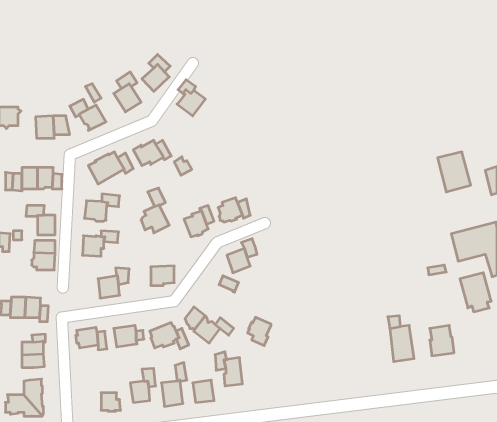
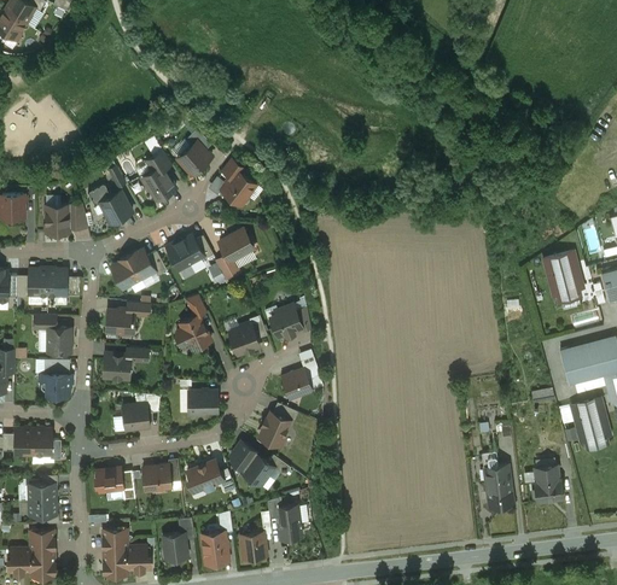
building: none -> [219,229,252,262]
building: [248,317,271,346] -> [260,413,289,447]
building: none -> [101,530,126,575]

